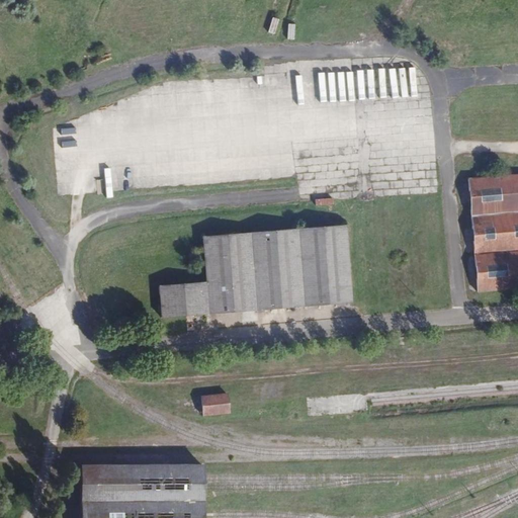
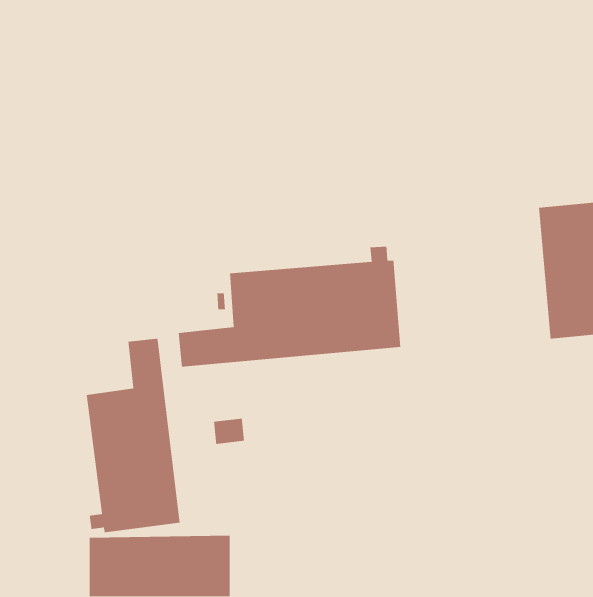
building: none -> [86,338,181,533]
building: [207,393,235,416] -> [213,418,245,445]

